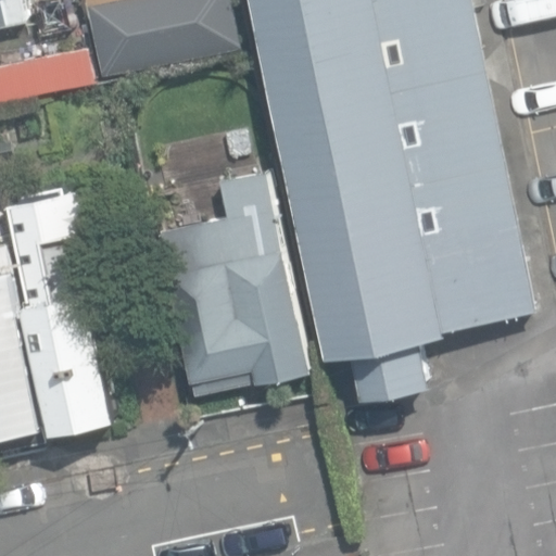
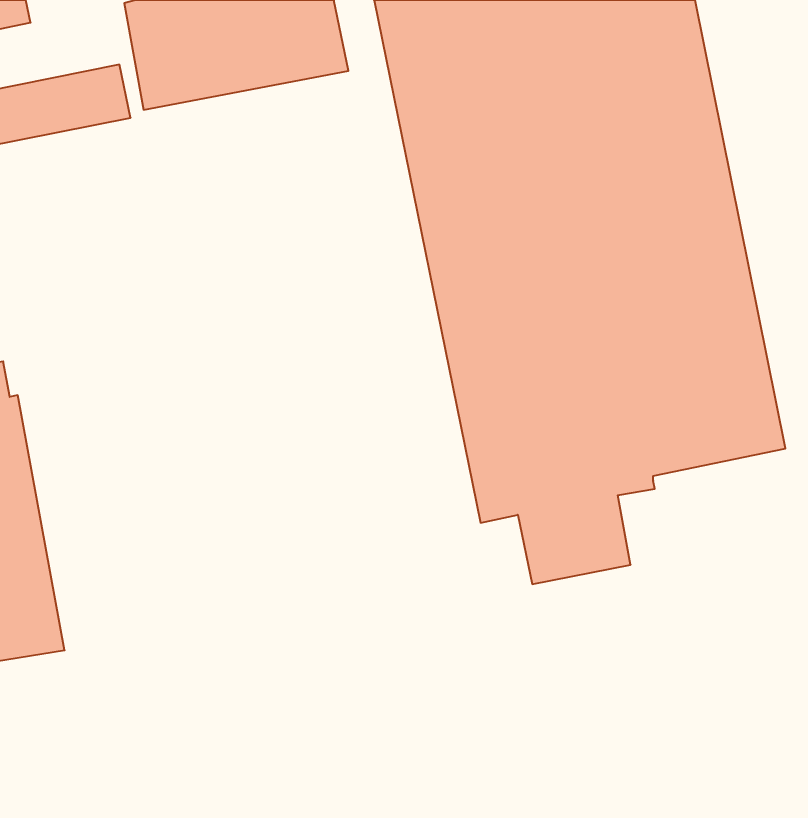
building: [159,169,309,391] -> none
building: [5,191,113,431] -> none

